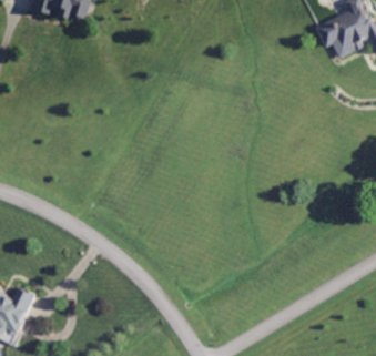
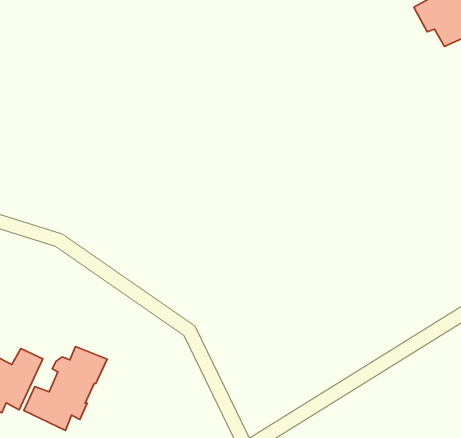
building: none -> [24,347,107,431]

